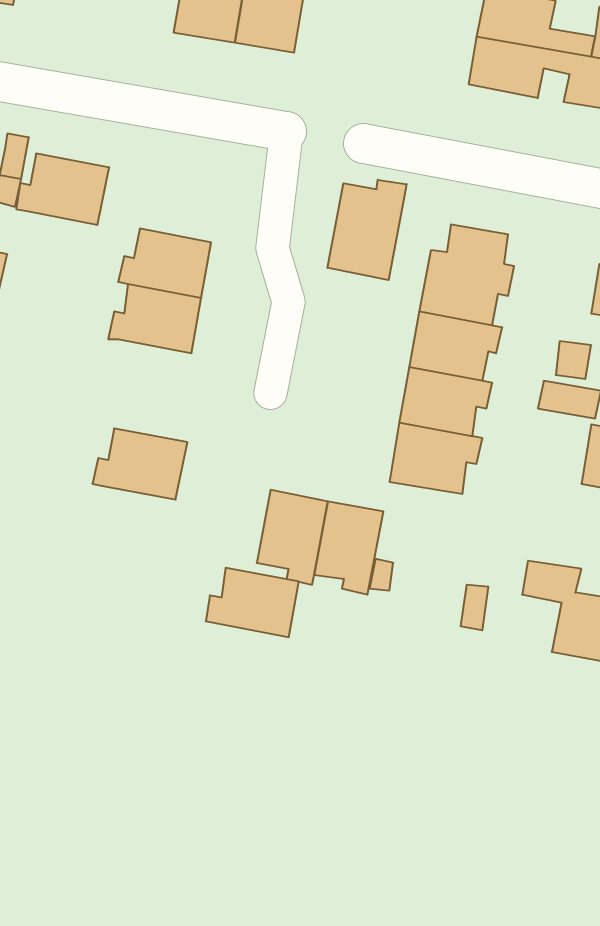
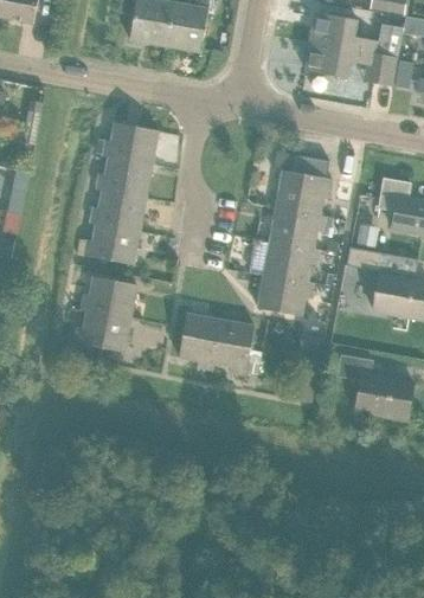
building: [16,154,109,225] -> [103,122,159,165]
building: [328,180,407,280] -> none
building: none -> [84,223,140,264]
building: [206,568,299,637] -> [75,310,130,352]

